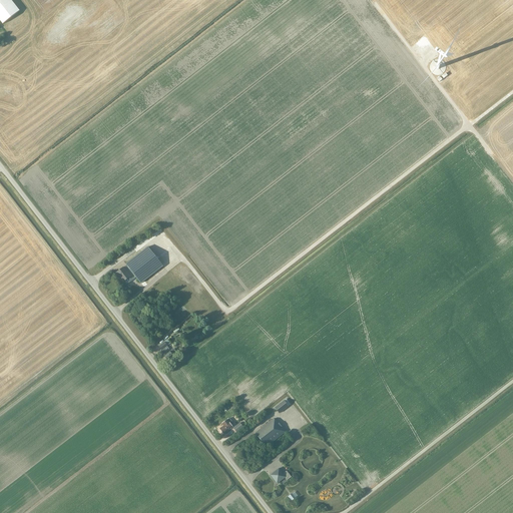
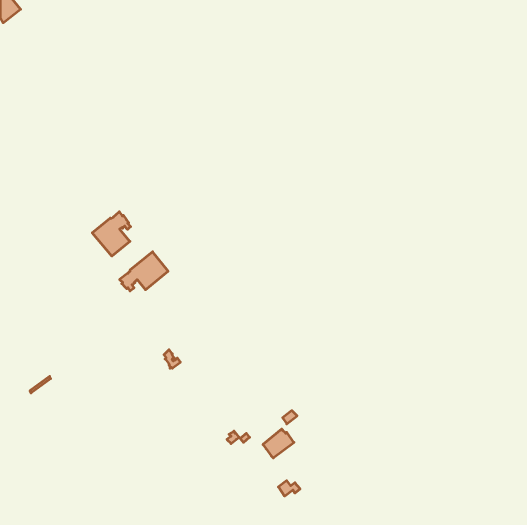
building: none -> [92,212,131,256]

